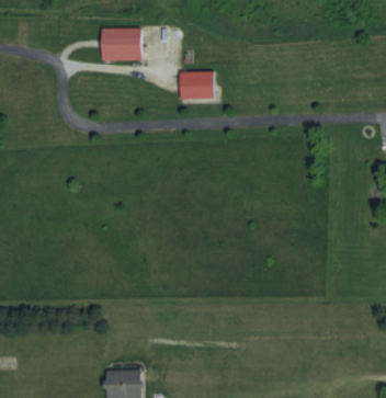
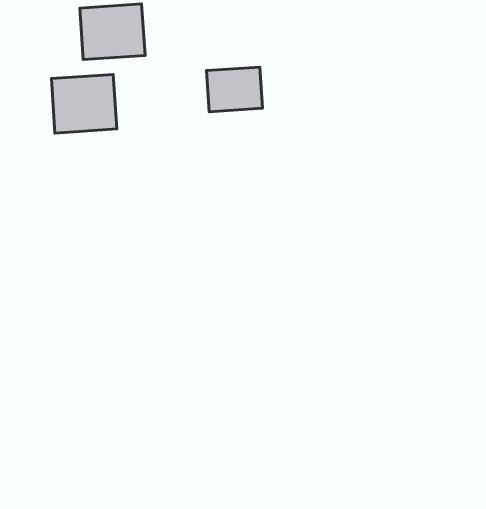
building: none -> [51,74,117,133]

